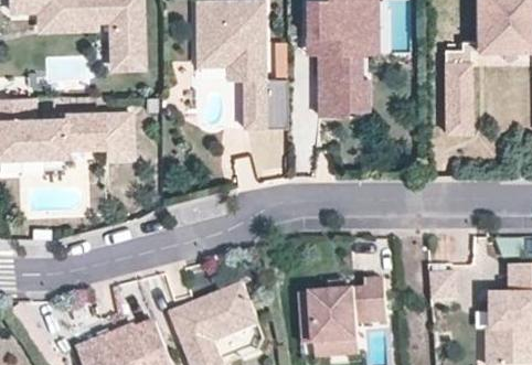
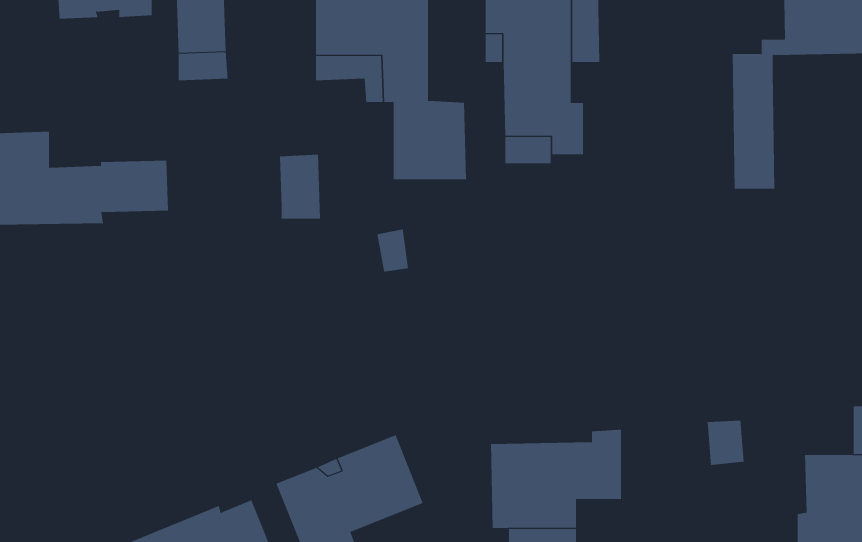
building: [103,114,128,153] -> [279,154,321,219]

